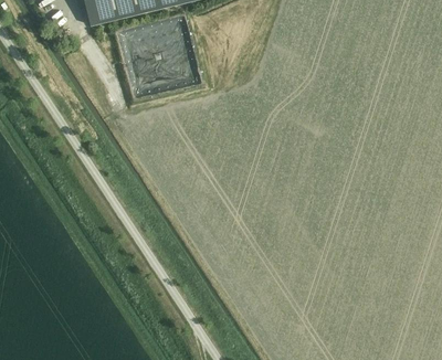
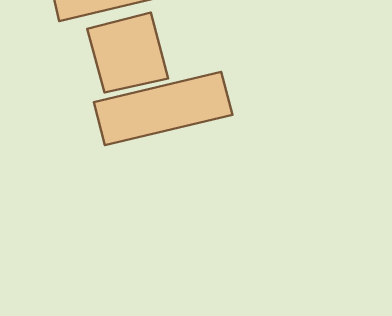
building: none -> [94,72,232,145]

